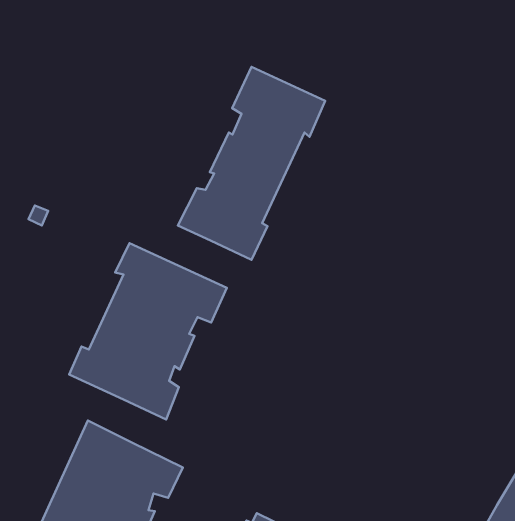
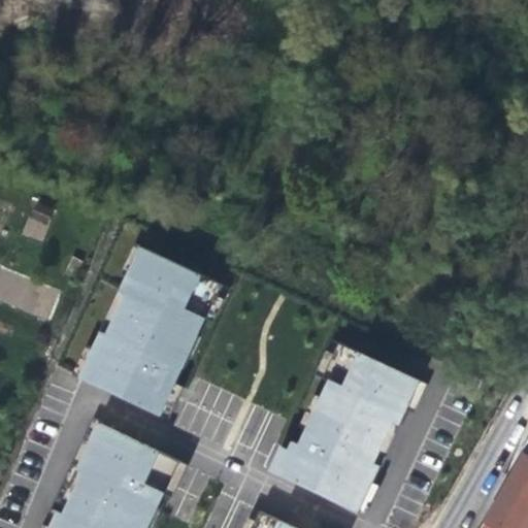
building: [178,67,325,260] -> none
building: none -> [270,341,427,516]

